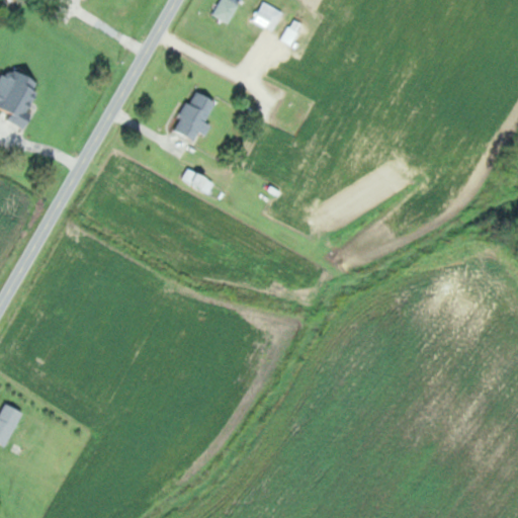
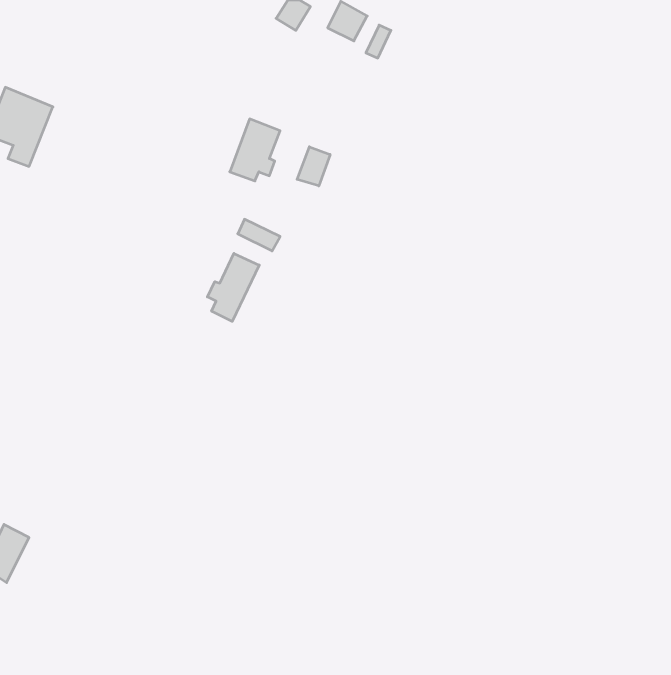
building: none -> [297,147,330,186]
building: none -> [207,253,259,321]

